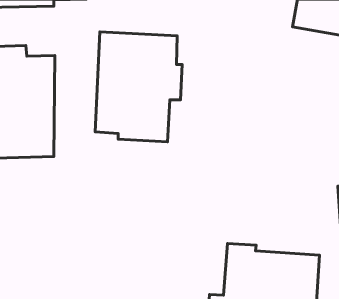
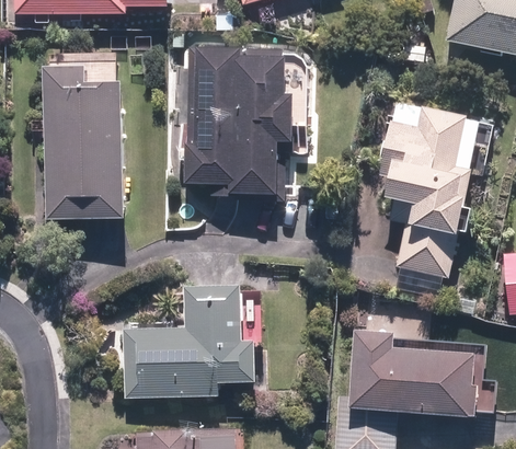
building: none -> [380,104,471,277]
building: none -> [122,283,256,398]

